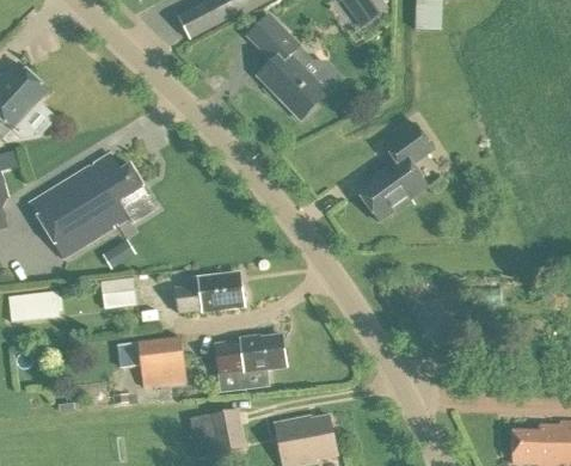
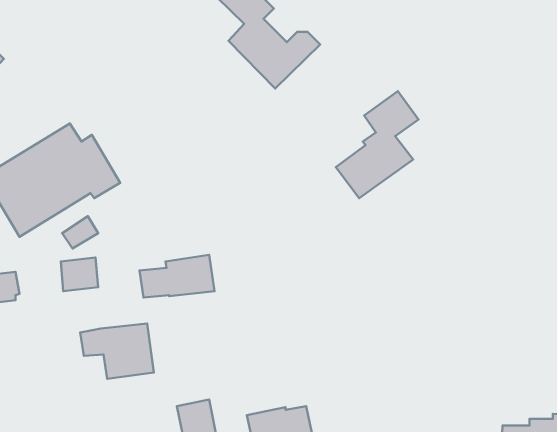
building: [215,335,287,390] -> none

